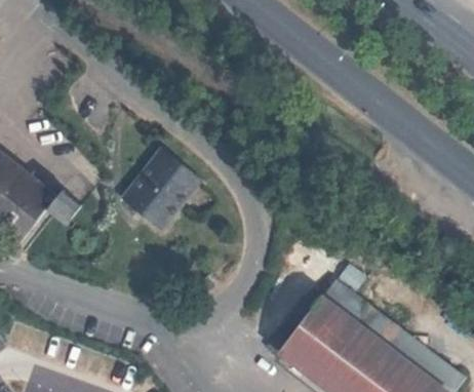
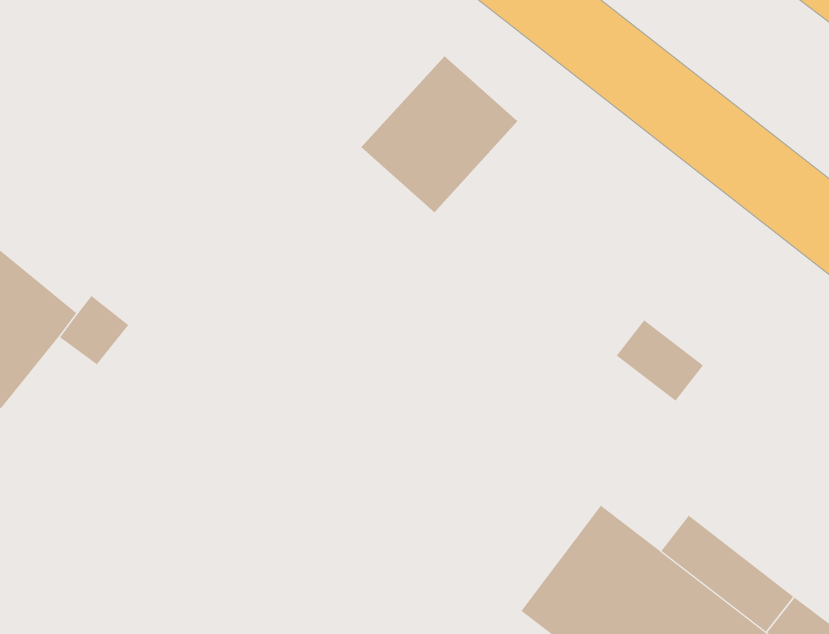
building: [120,149,201,230] -> [361,55,518,213]
building: [322,278,367,320] -> [616,320,704,402]

